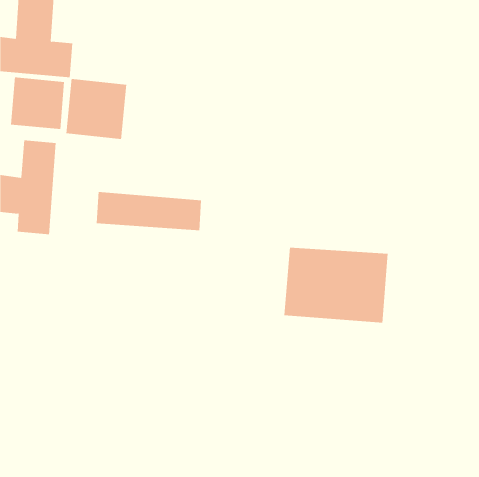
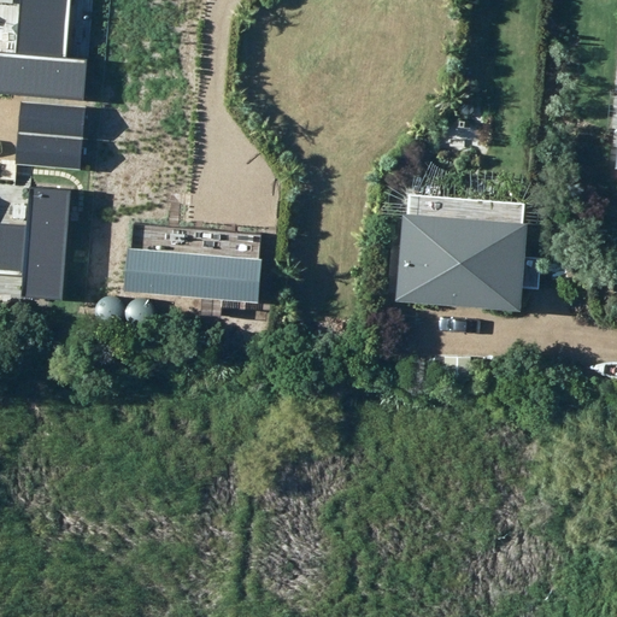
building: [66,78,127,140] -> none
building: [283,247,389,323] -> [393,213,528,311]

